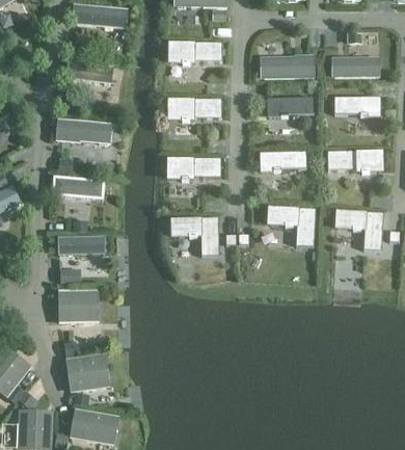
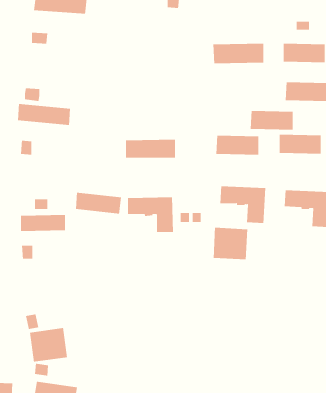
building: [168,41,221,60] -> none
building: [66,61,115,83] -> none
building: [270,96,316,116] -> [250,110,293,130]
building: [169,98,222,117] -> none
building: [55,176,104,198] -> [75,192,122,214]
building: none -> [213,227,248,260]
building: [60,292,98,323] -> none

